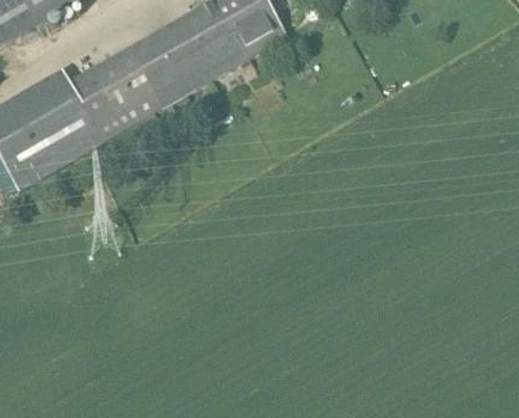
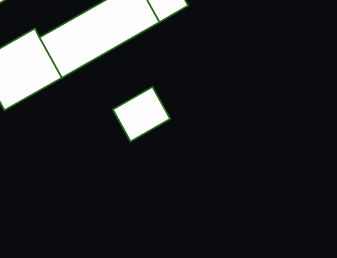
building: none -> [113,87,170,142]

